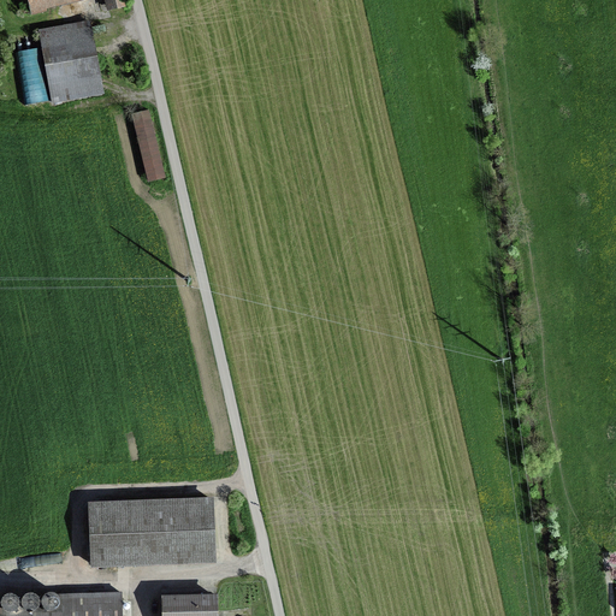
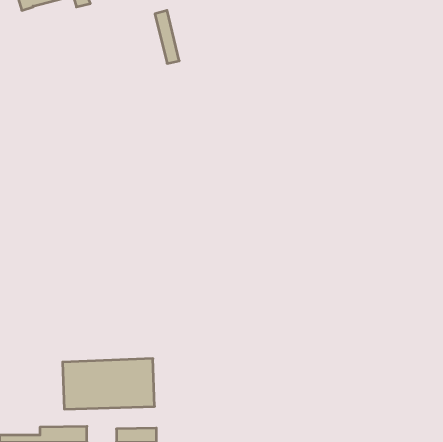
building: [16,19,105,103] -> none
building: [131,107,165,180] -> [155,10,179,63]

